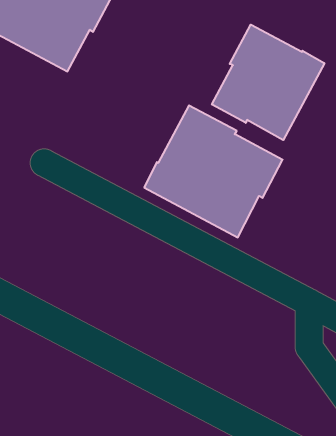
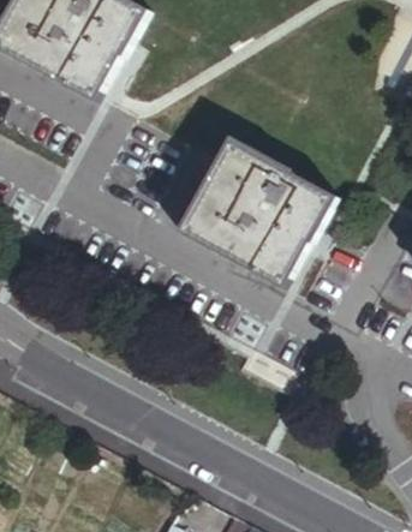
building: [212,25,324,140] -> none

